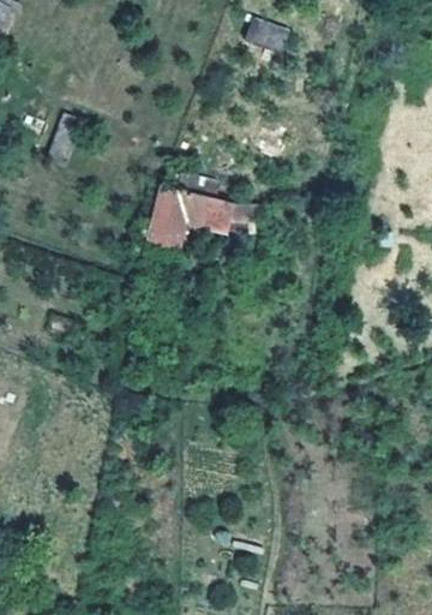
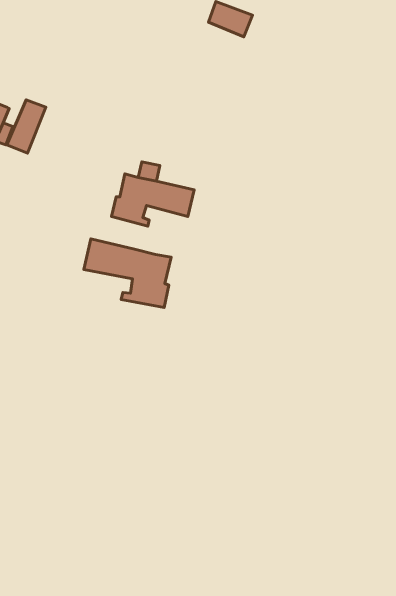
building: none -> [84,239,171,308]

